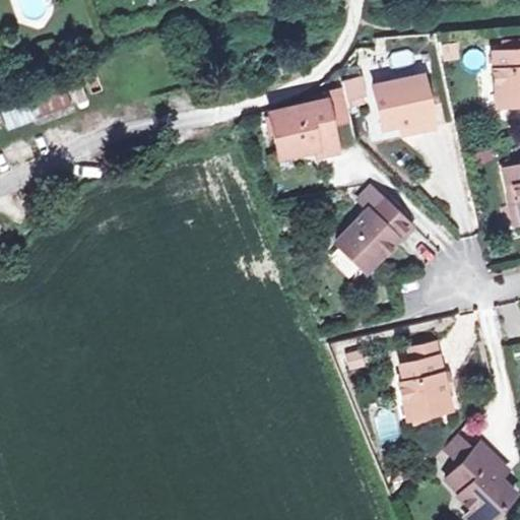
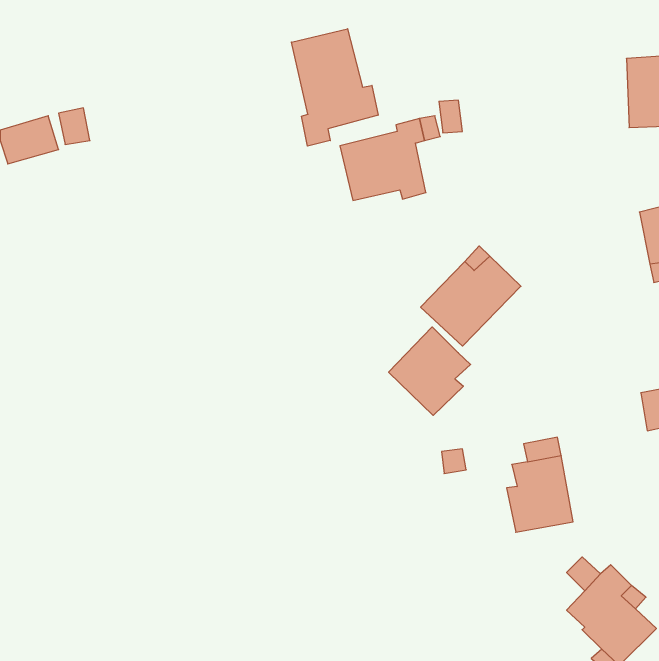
building: none -> [291,29,378,146]
building: [374,74,436,133] -> none
building: none -> [389,327,471,415]

